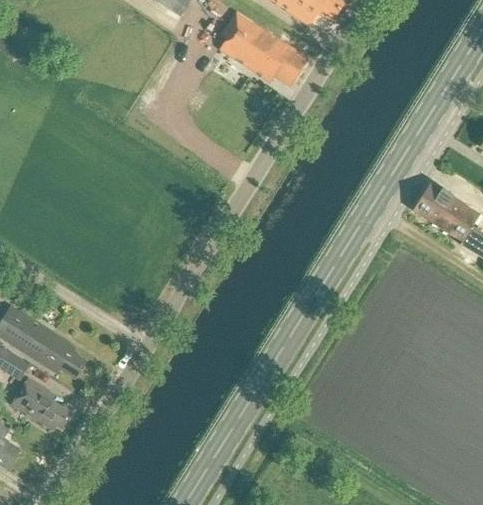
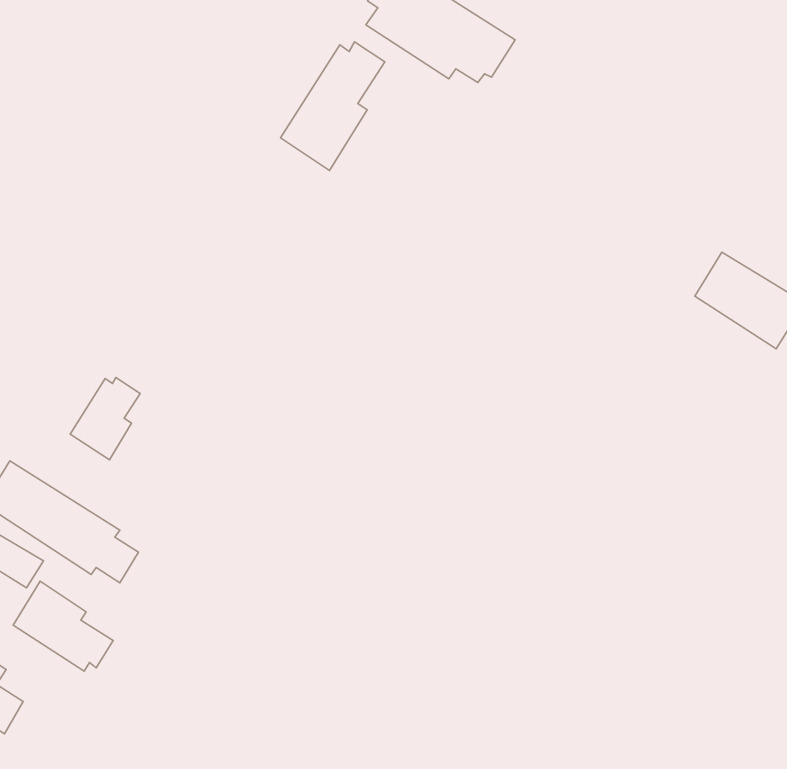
building: none -> [281,42,385,171]
building: none -> [70,378,140,460]

